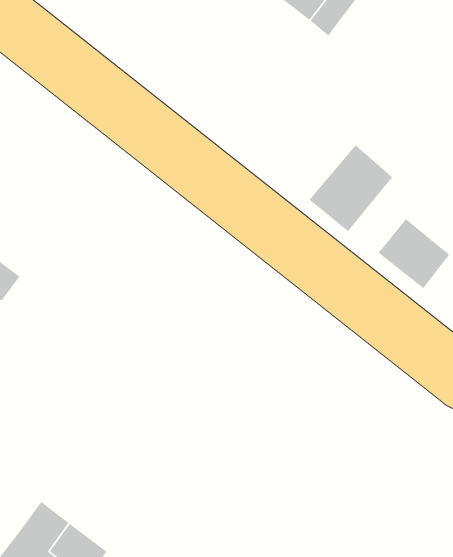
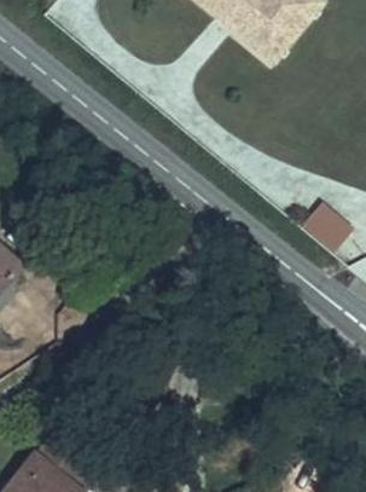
building: [309,144,393,232] -> none

